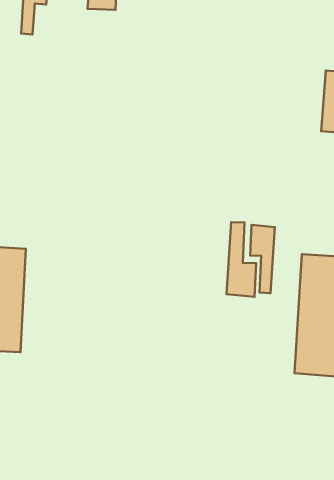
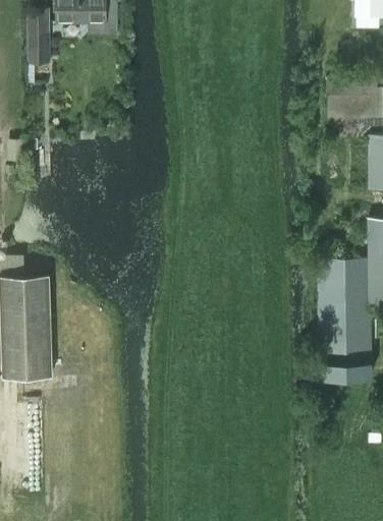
building: [227,222,256,297] -> none
building: [250,225,275,293] -> none

